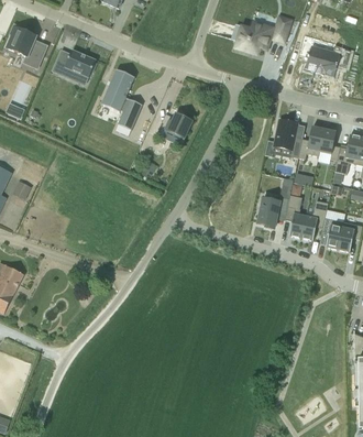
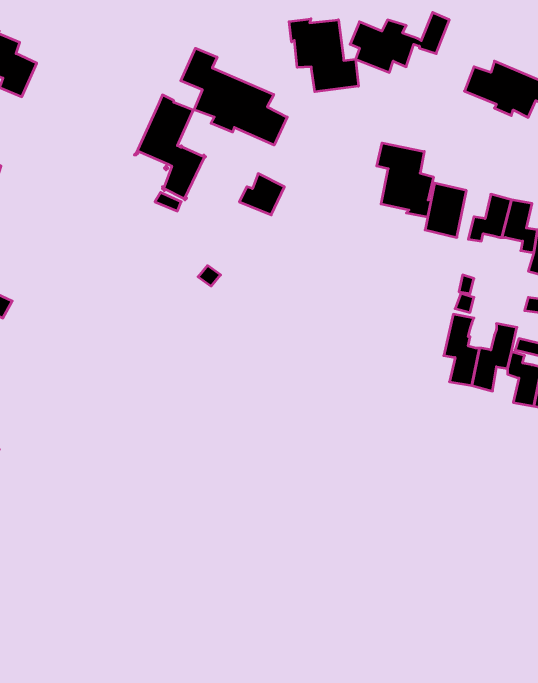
building: none -> [289,19,358,92]
building: none -> [181,48,287,145]
building: [52,48,96,76] -> none
building: none -> [377,143,433,217]
building: [257,196,289,228] -> none

